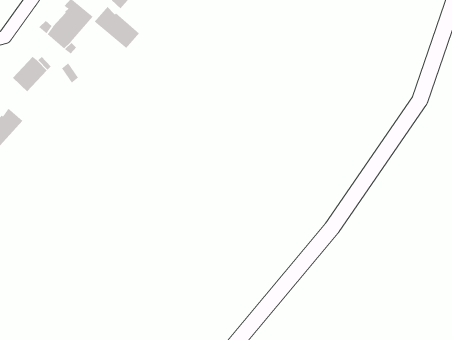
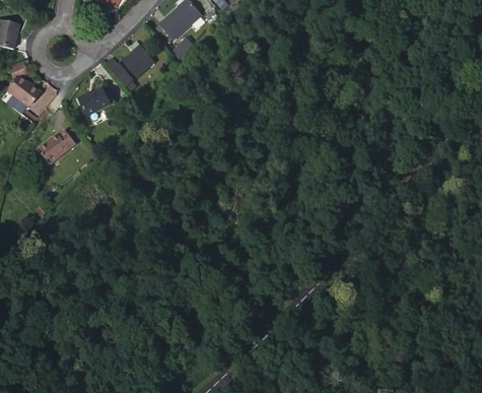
building: [94,6,140,49] -> none

